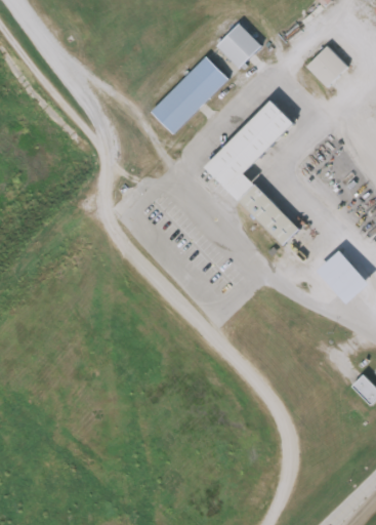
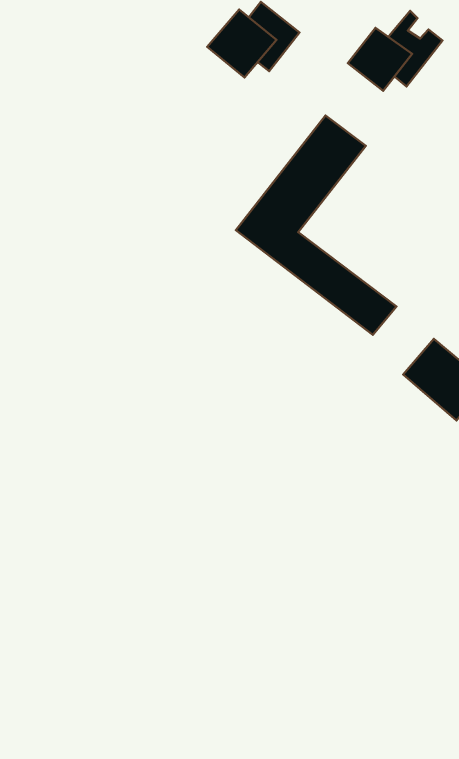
building: [151,56,227,132] -> none

